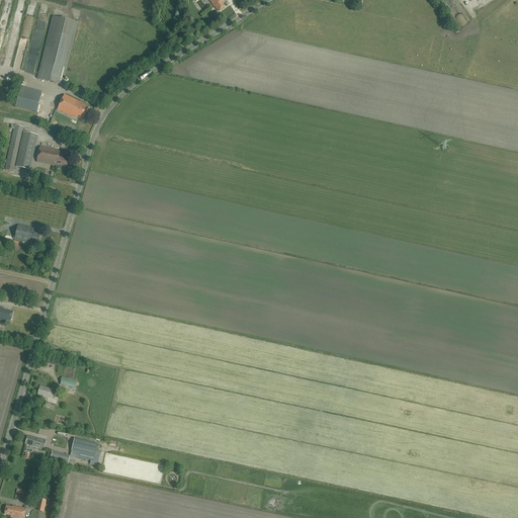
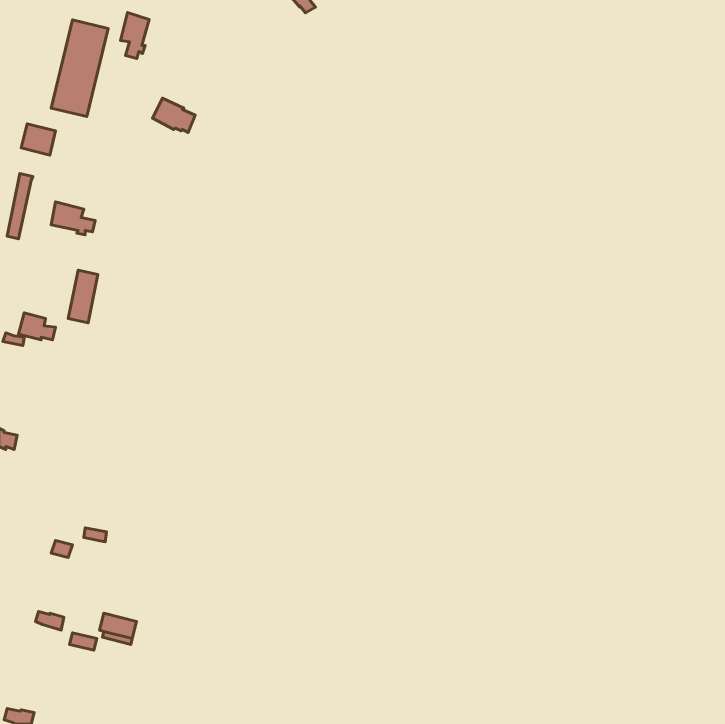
building: none -> [121,13,149,58]
building: [57,93,87,117] -> [153,98,195,132]
building: [15,131,36,168] -> [68,270,98,323]

